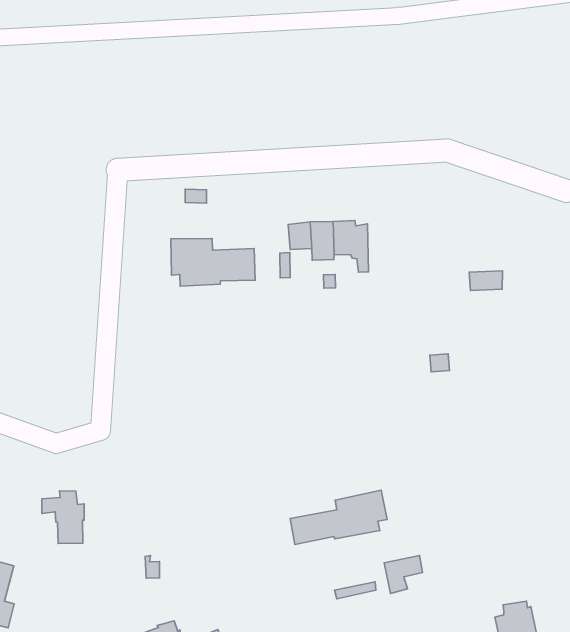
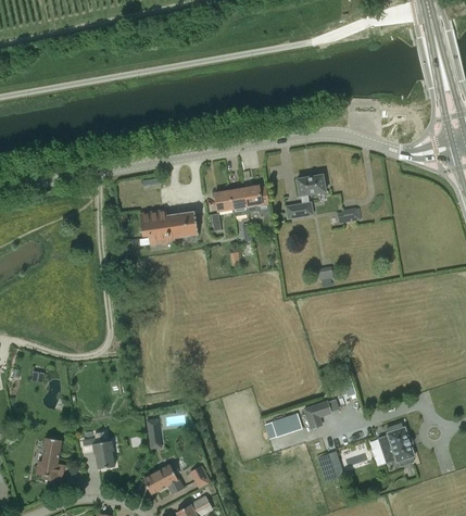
building: none -> [285,175,324,218]
building: [290,490,387,544] -> none
building: [42,491,84,544] -> [83,432,113,468]

